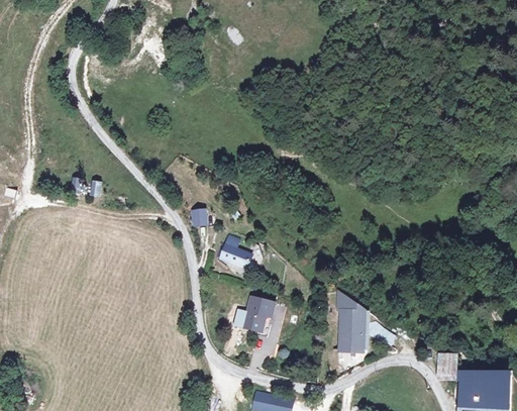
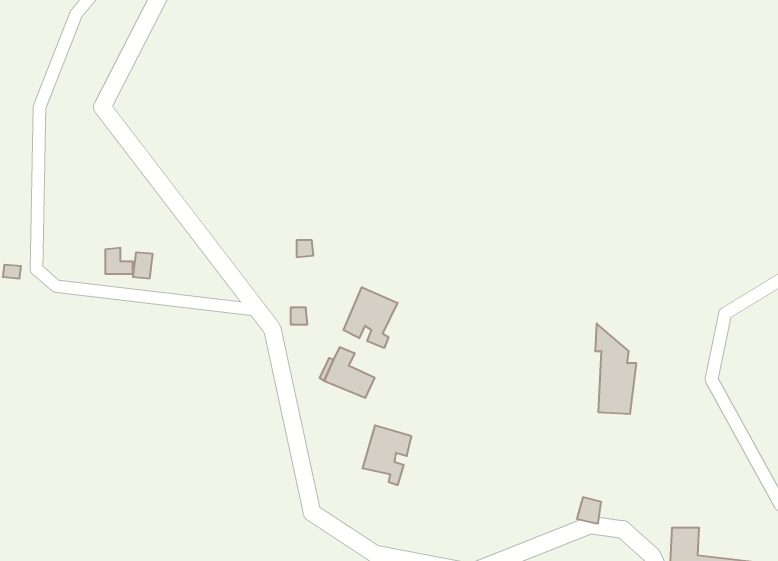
building: none -> [343,287,398,348]
building: [342,292,370,351] -> [595,323,636,414]

